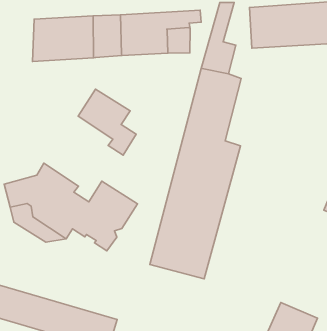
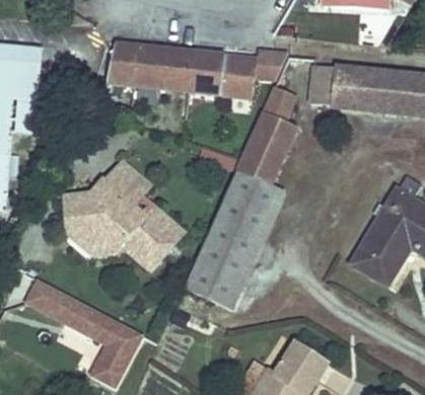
building: [78,89,136,155] -> [101,155,152,220]

